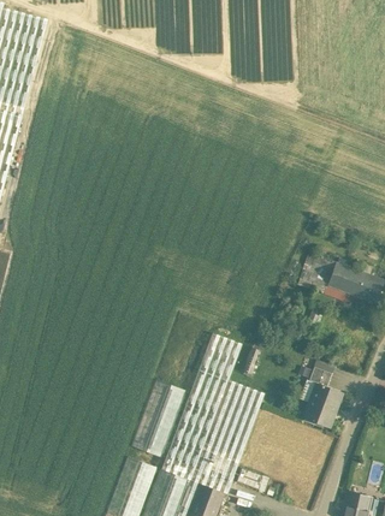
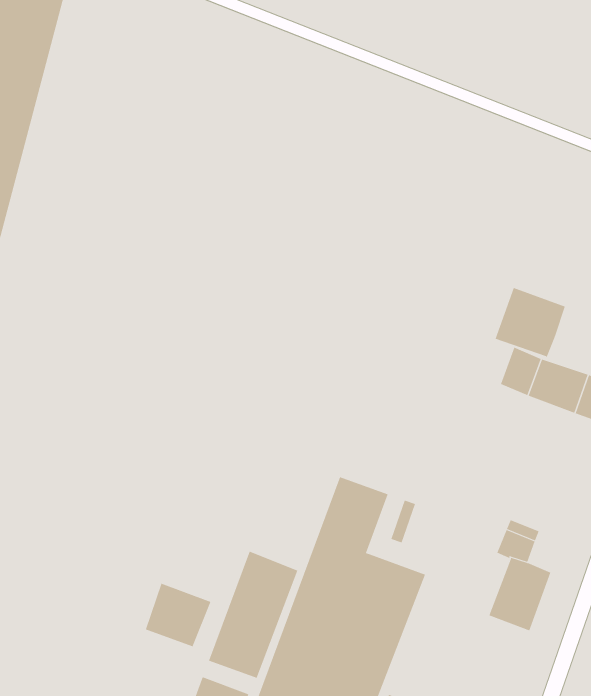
building: none -> [495,287,566,358]
building: none -> [145,583,211,647]

